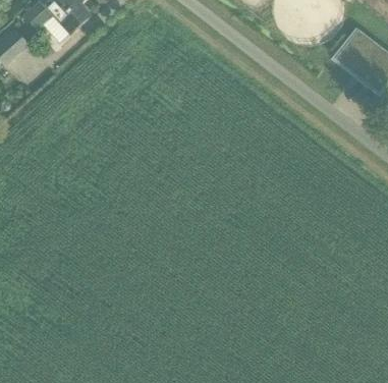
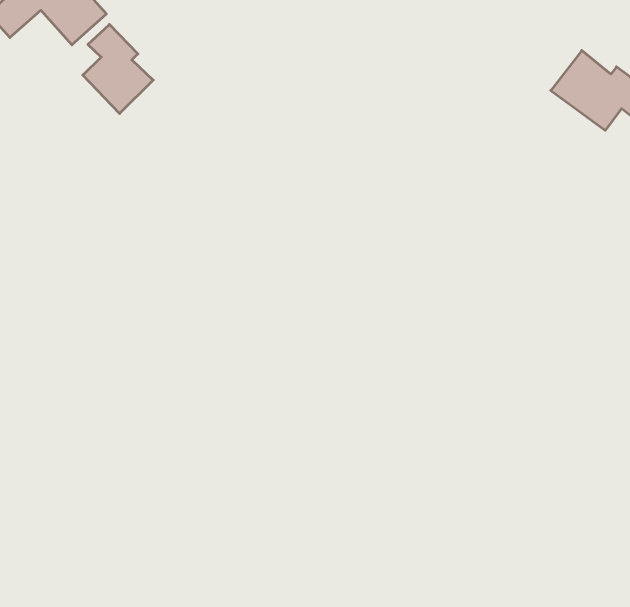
building: none -> [83,24,153,114]

